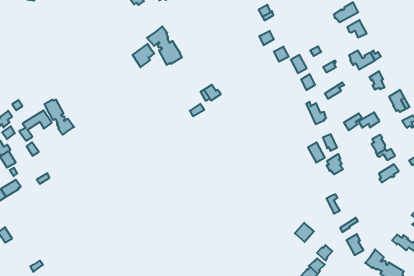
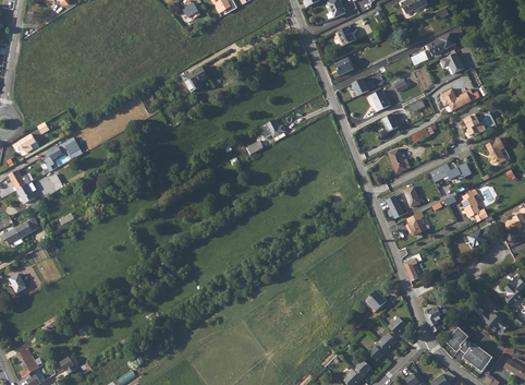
building: [147,26,182,65] -> none
building: [44,99,74,135] -> none

